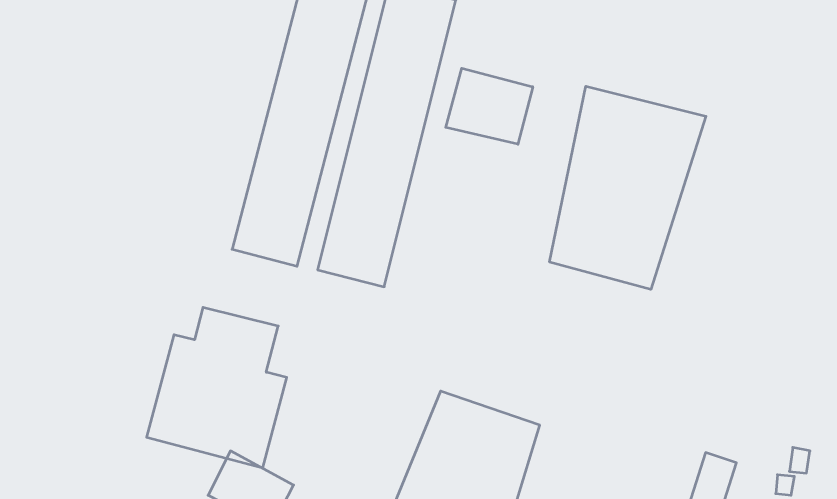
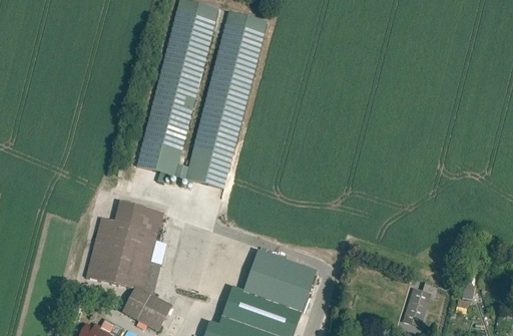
building: [446,68,533,144] -> none
building: [550,86,706,289] -> none

